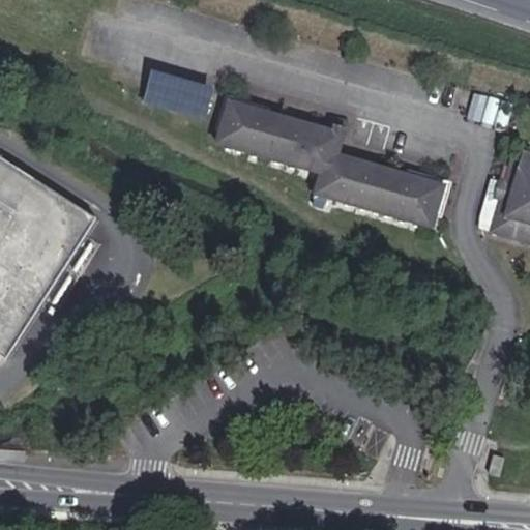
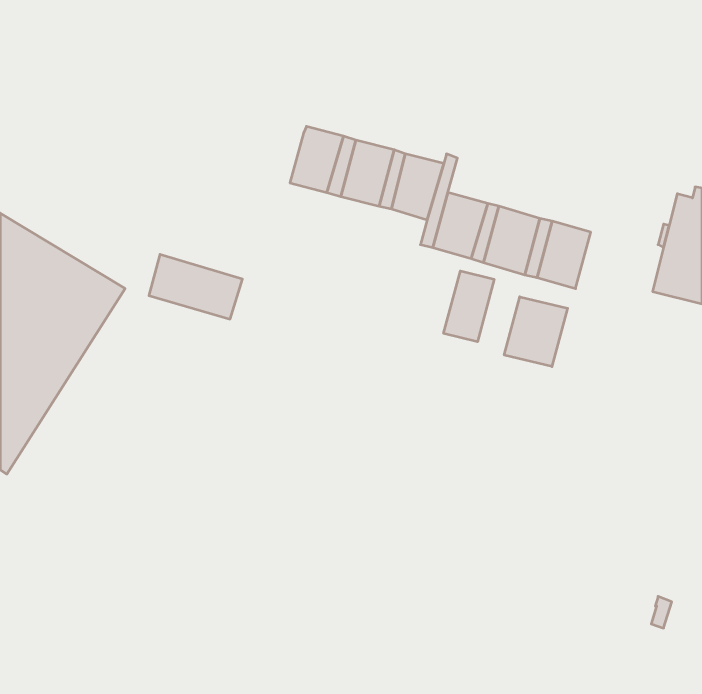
building: [142,78,212,126] -> [149,254,242,319]
building: none -> [444,271,494,342]
building: none -> [504,297,568,367]

